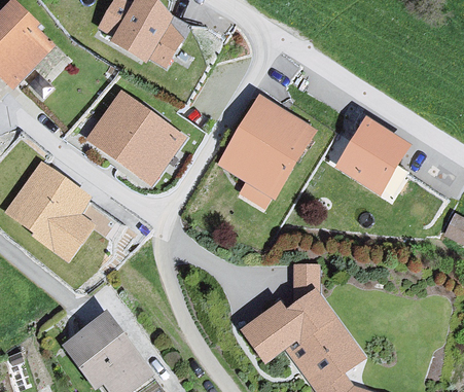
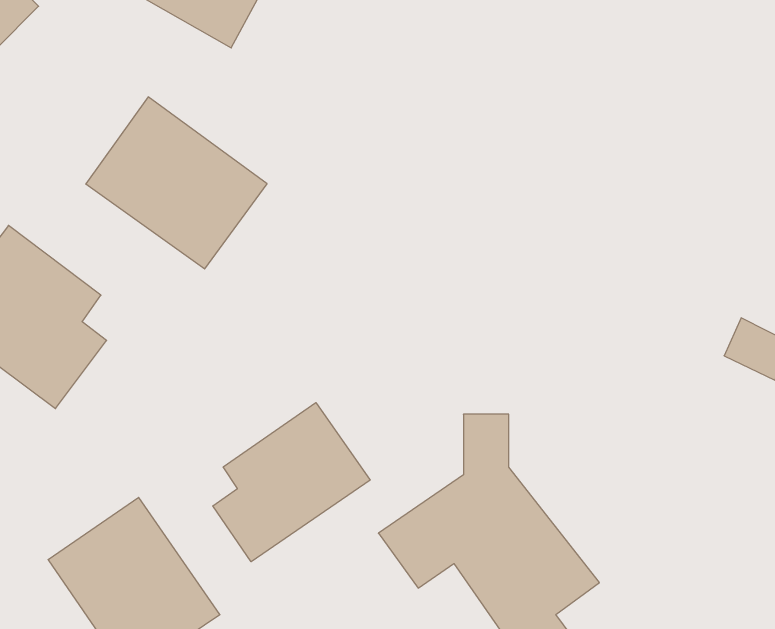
building: [218,95,320,201] -> none
building: [334,120,409,195] -> none
building: none -> [213,403,370,562]

